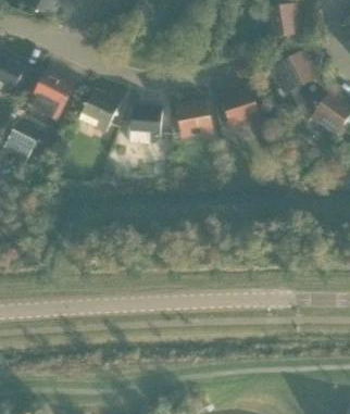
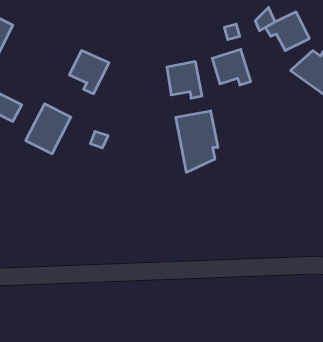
building: [27,71,72,120] -> [26,104,71,154]
building: [128,104,160,145] -> none
building: none -> [176,111,218,172]

